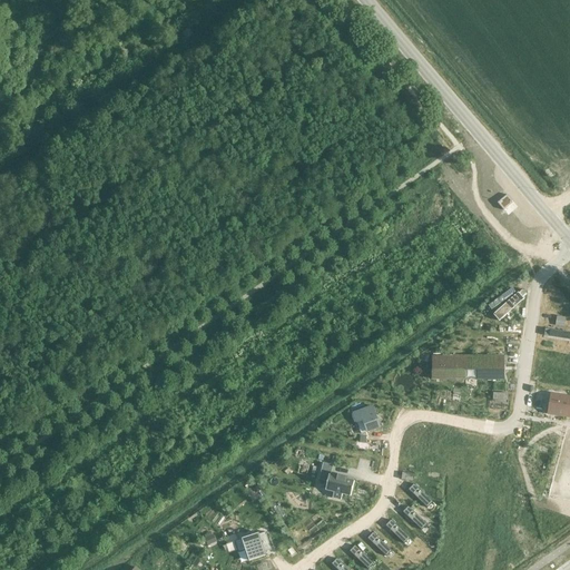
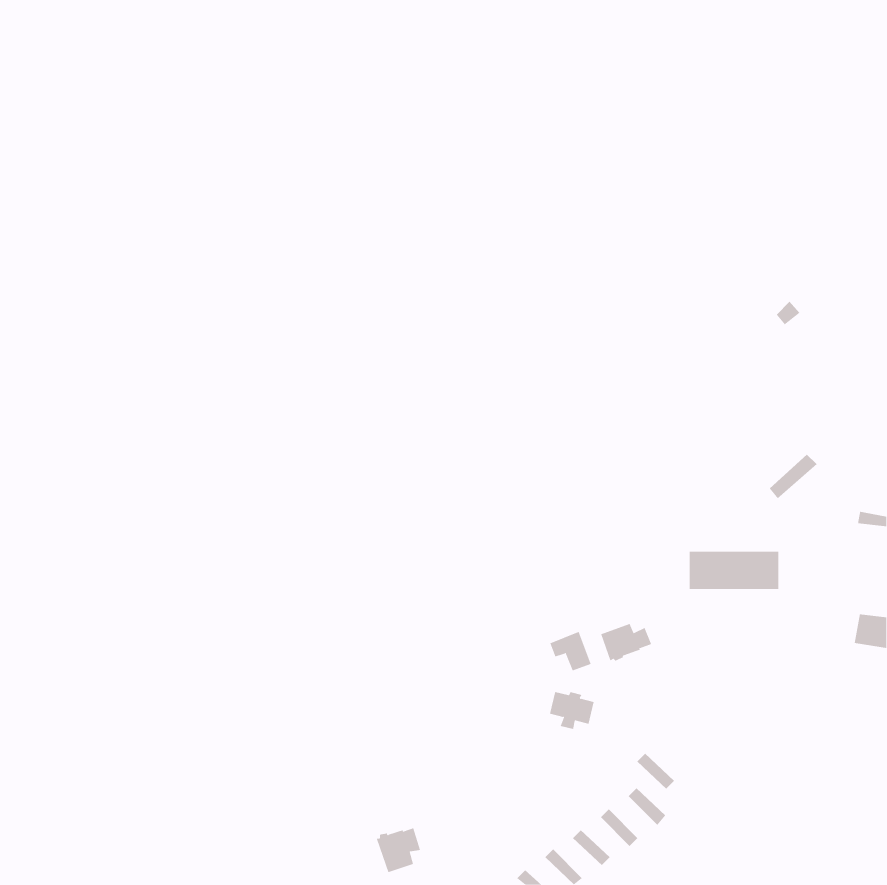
building: none -> [601,623,652,662]
building: [324,473,353,498] -> [549,691,595,730]

